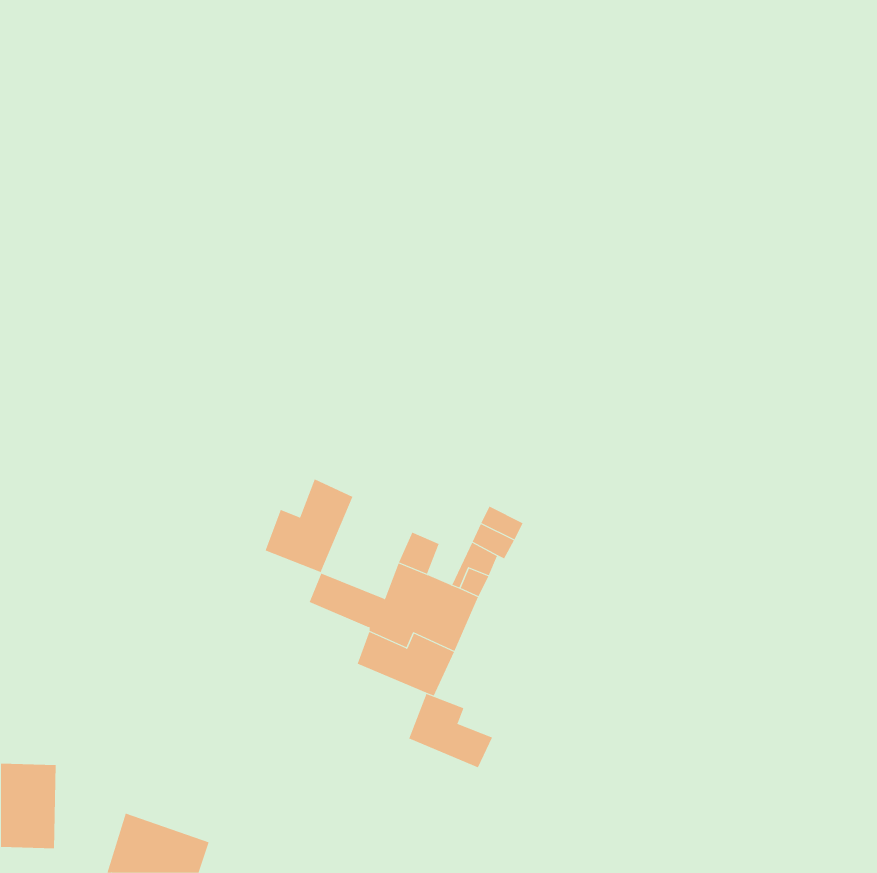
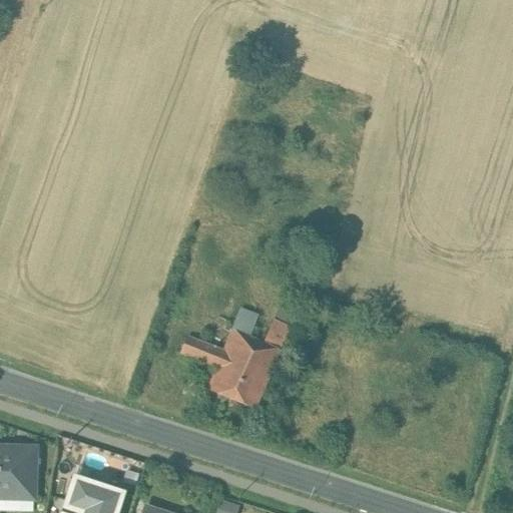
building: [265,479,353,573] -> none
building: [408,693,493,768] -> none

